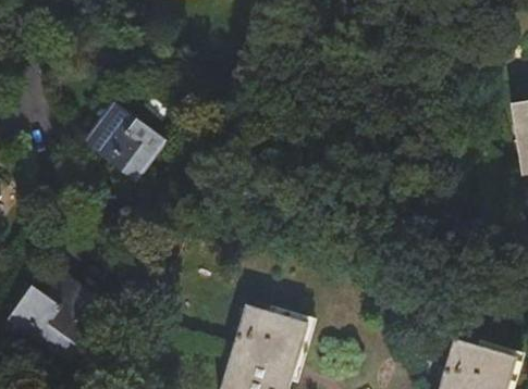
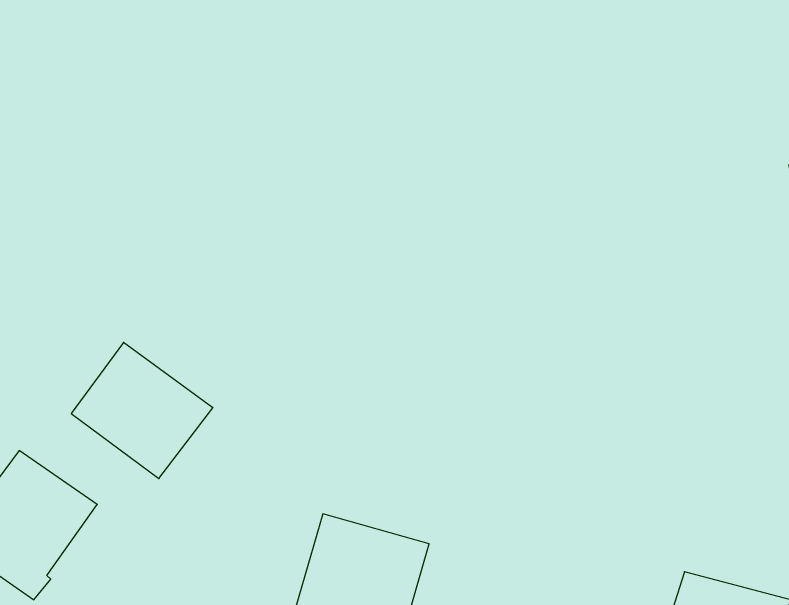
building: [85,101,168,180] -> [71,342,213,479]

